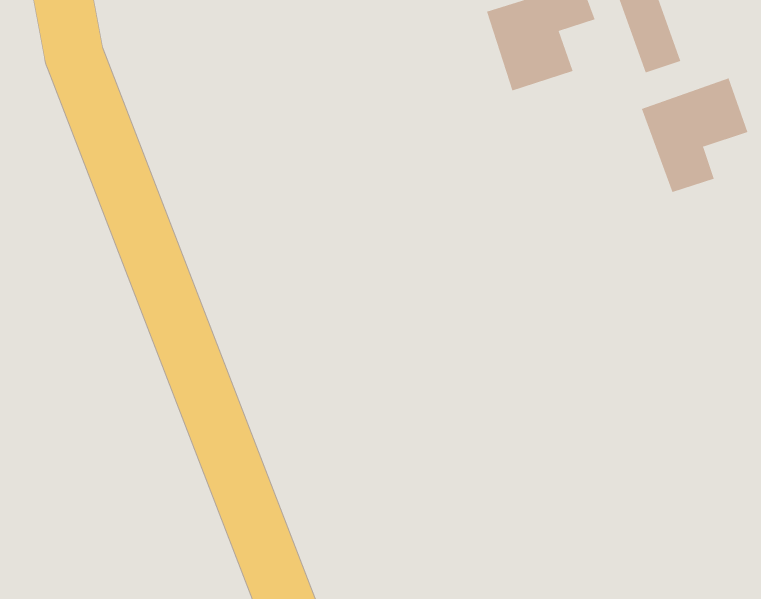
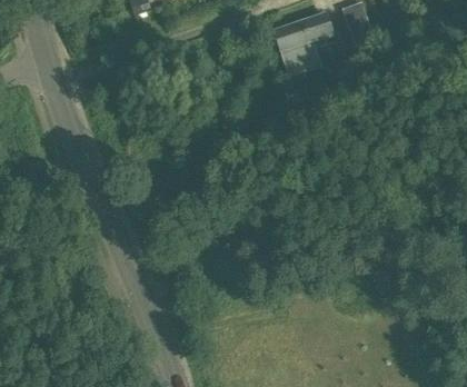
building: [641,78,748,193] -> none

